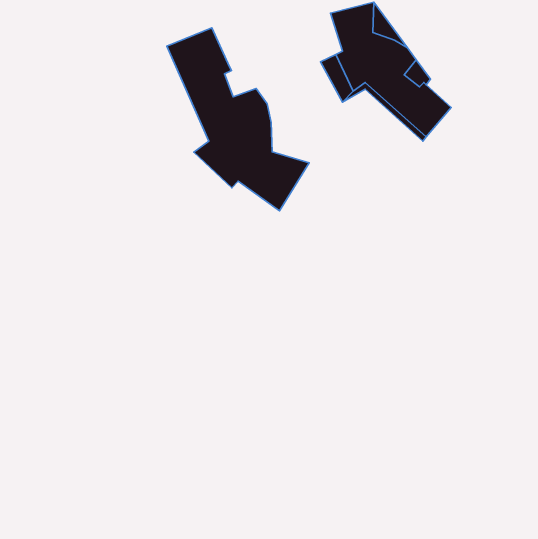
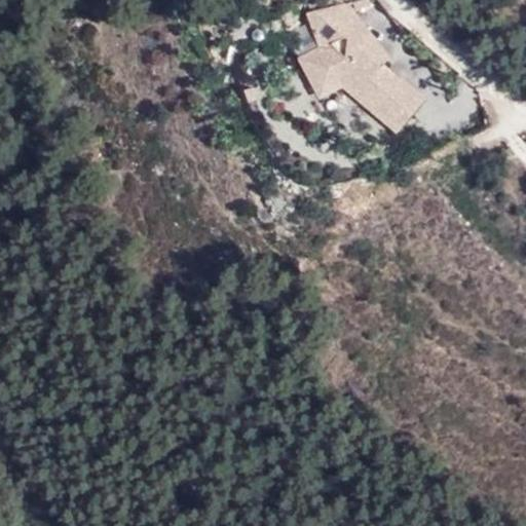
building: [167,28,309,211] -> none

